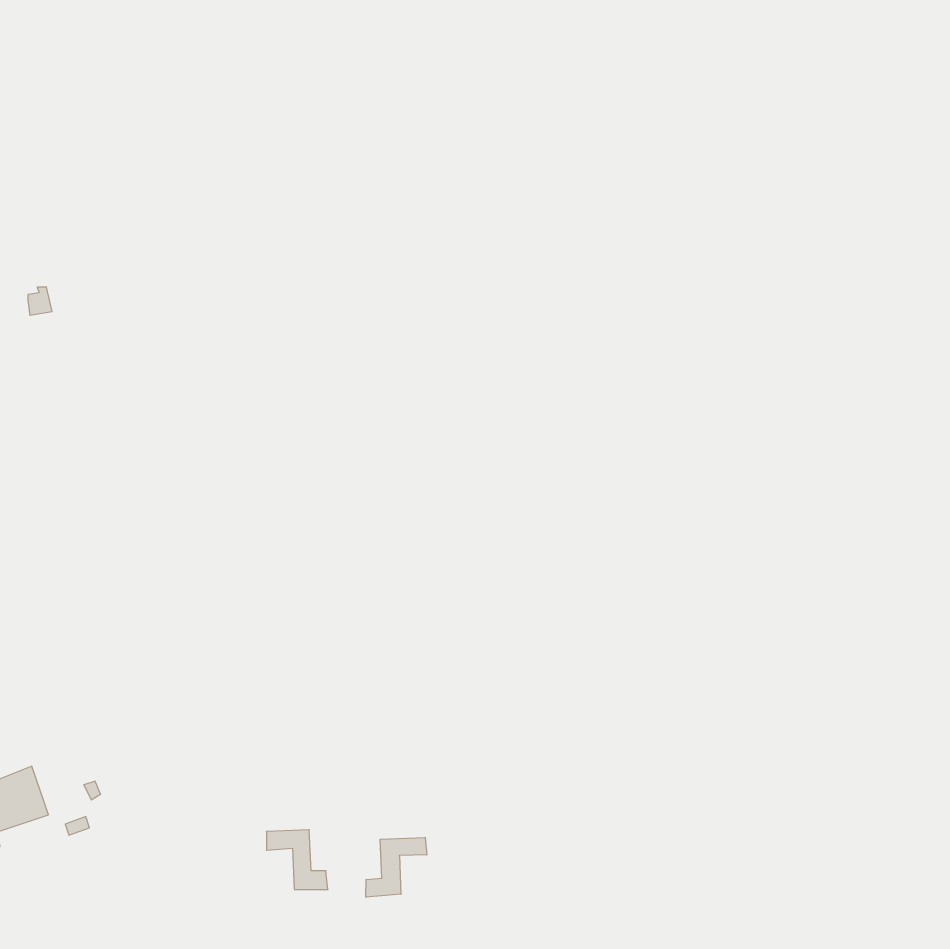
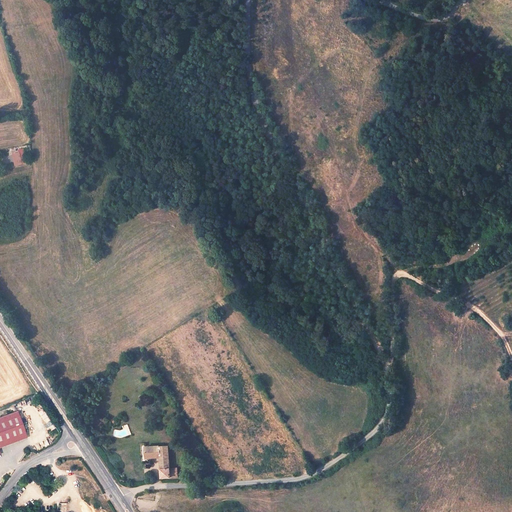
building: [366,837,427,897] -> none

